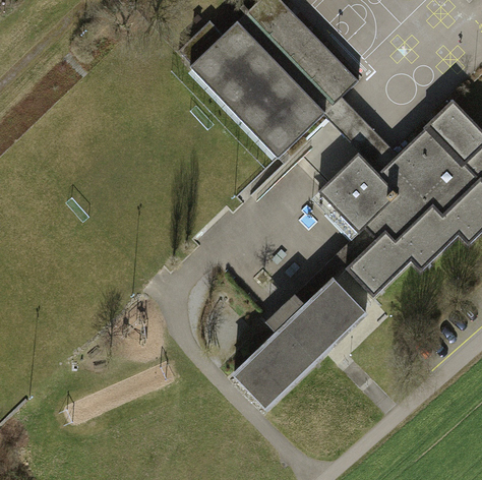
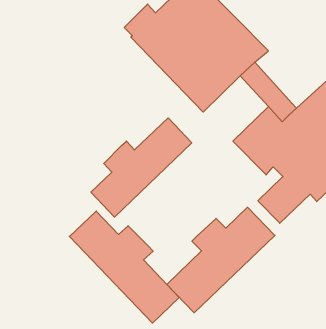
building: none -> [91,118,192,217]
building: none -> [69,211,179,323]

